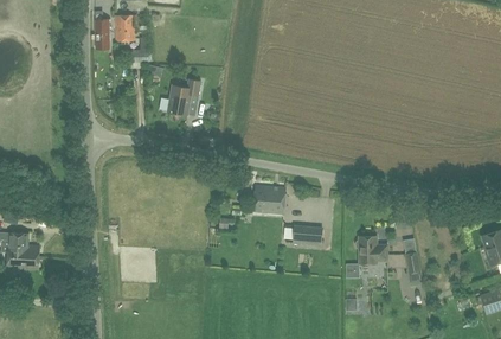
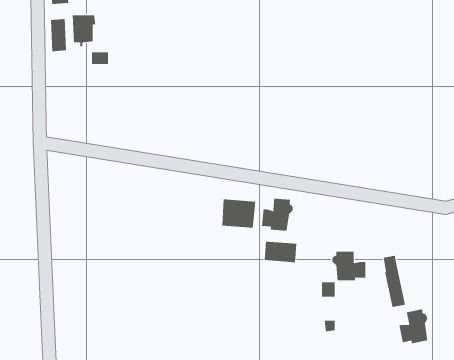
building: [166,77,200,115] -> none
building: none -> [262,198,293,231]
building: none -> [399,308,428,344]

